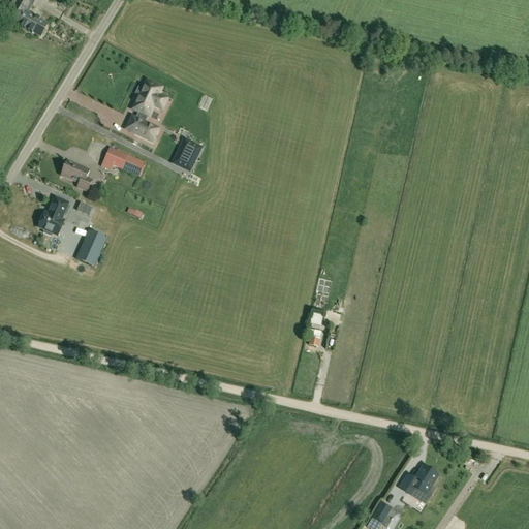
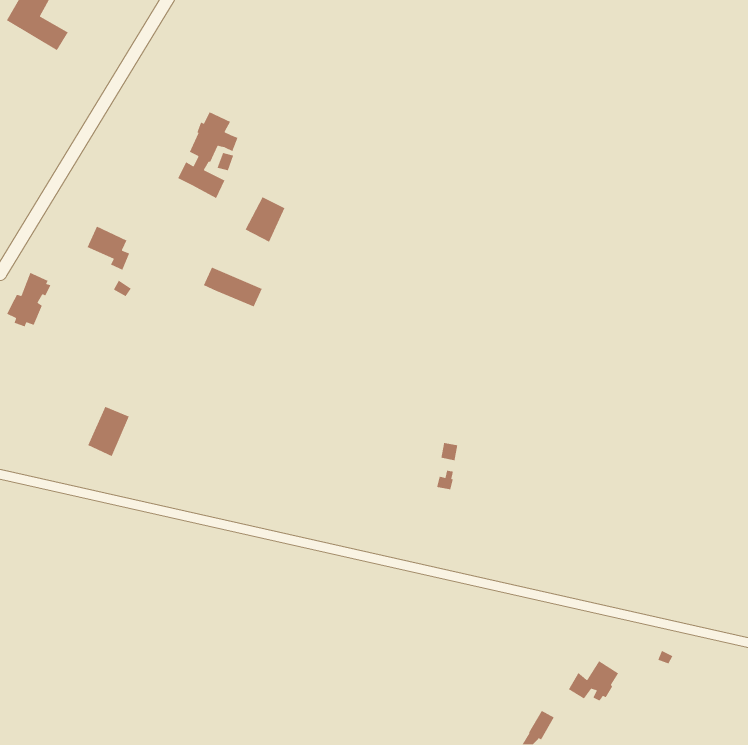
building: [103,147,146,176] -> [203,266,263,307]
building: [38,196,70,236] -> [6,272,52,327]
building: [76,230,106,267] -> [87,406,130,457]

